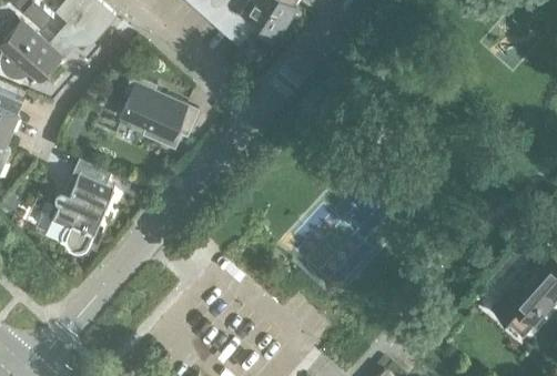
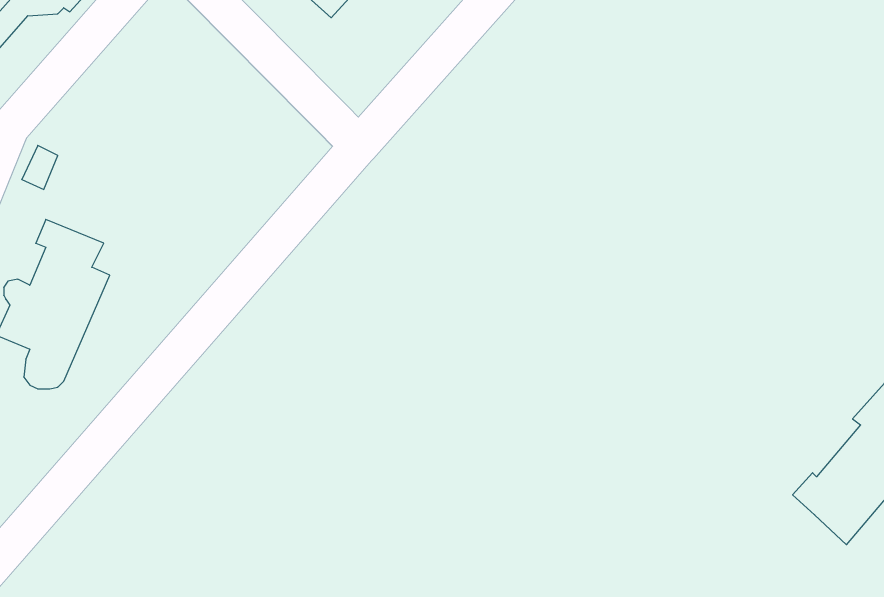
building: [121,74,199,150] -> none

